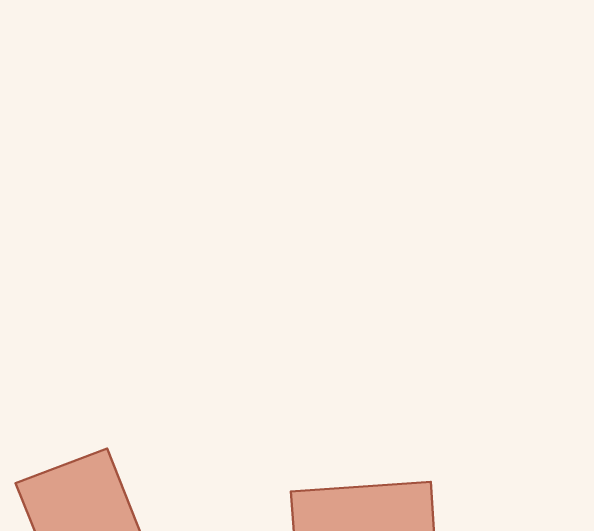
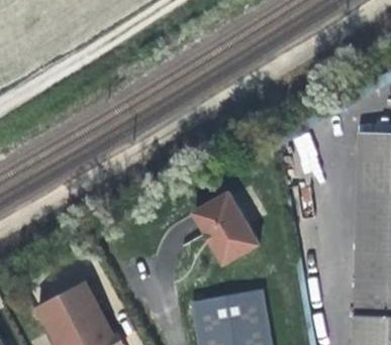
building: none -> [194,190,258,260]

